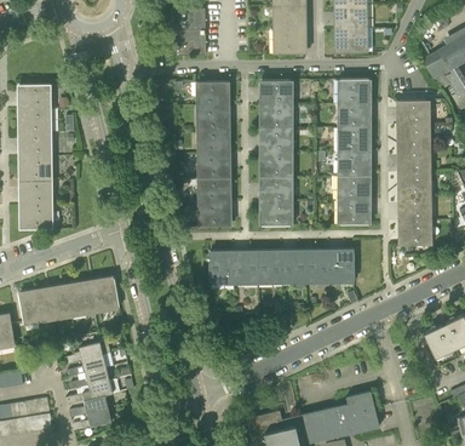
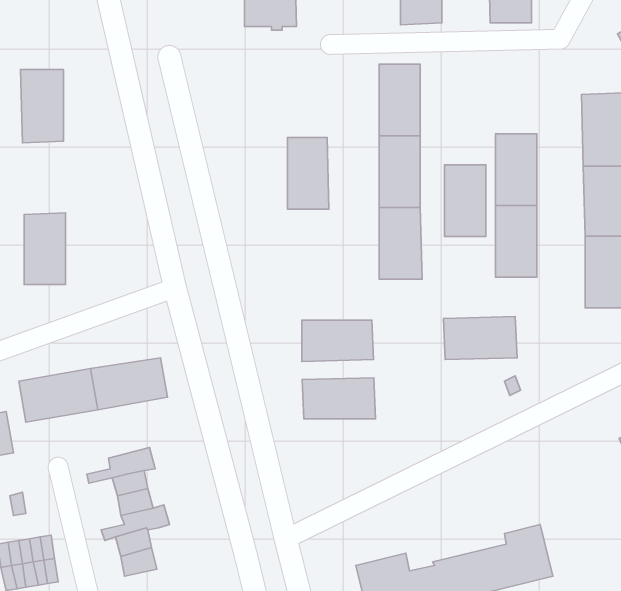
building: [340,79,368,127] -> [445,165,486,237]
building: [199,81,226,130] -> none
building: [21,132,50,182] -> none
building: [200,178,229,227] -> none
building: [257,252,306,280] -> [302,378,376,419]

